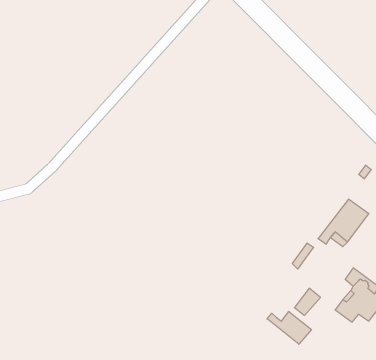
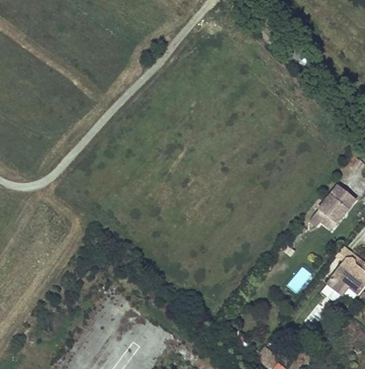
building: [267,311,311,344] -> none

